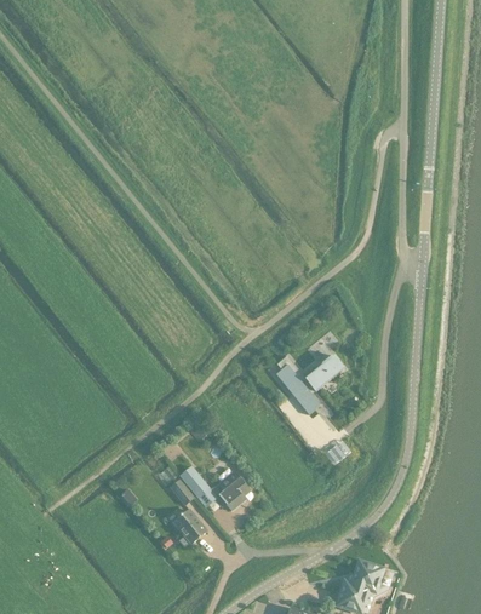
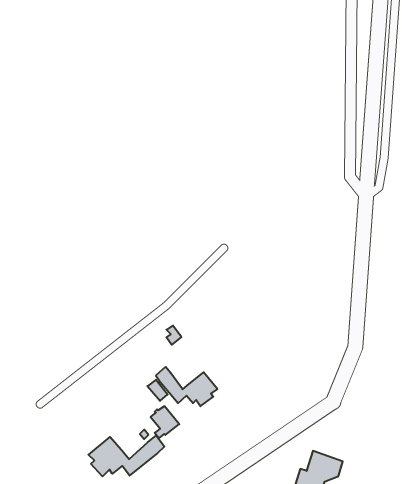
building: [275,356,344,415] -> none
building: none -> [88,435,164,476]

